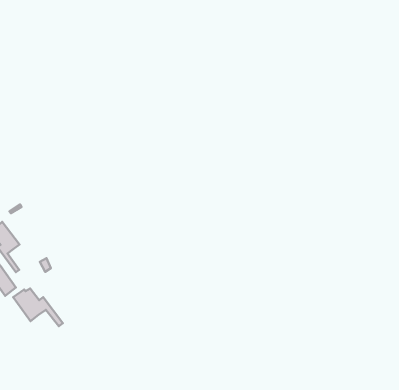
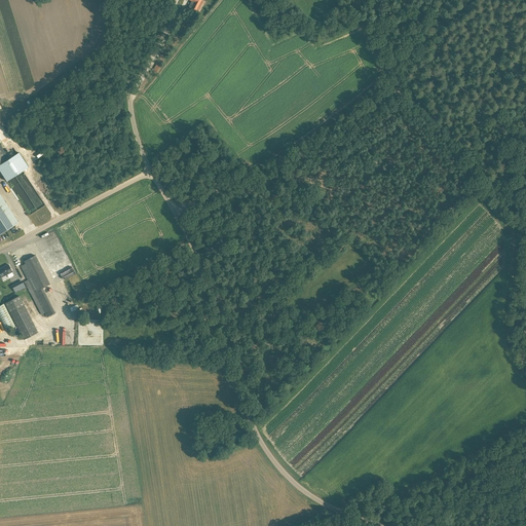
building: [13,289,63,326] -> none

